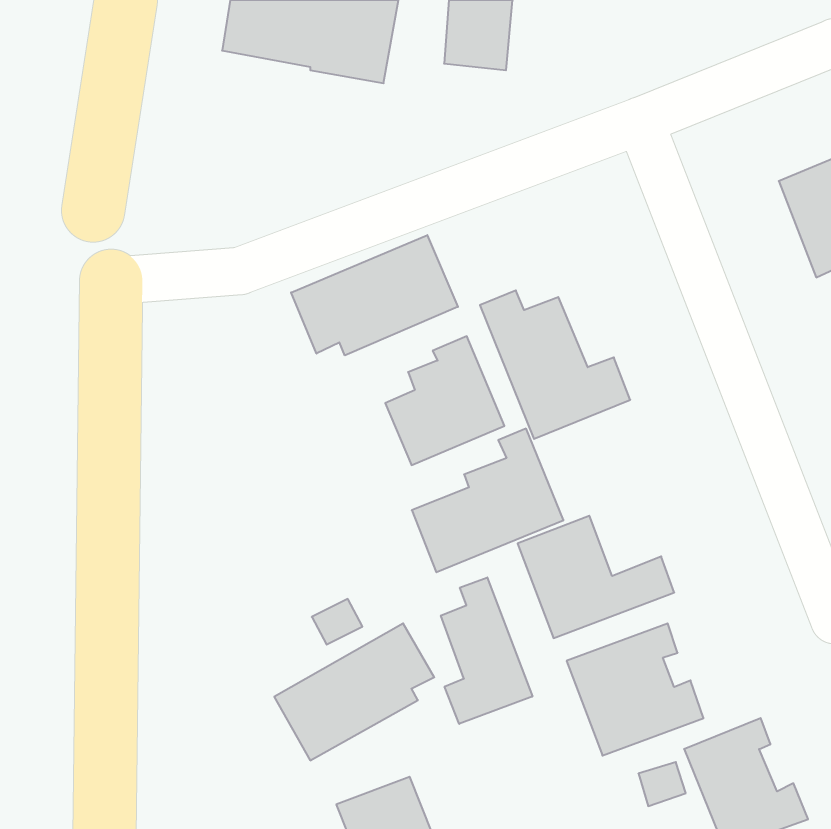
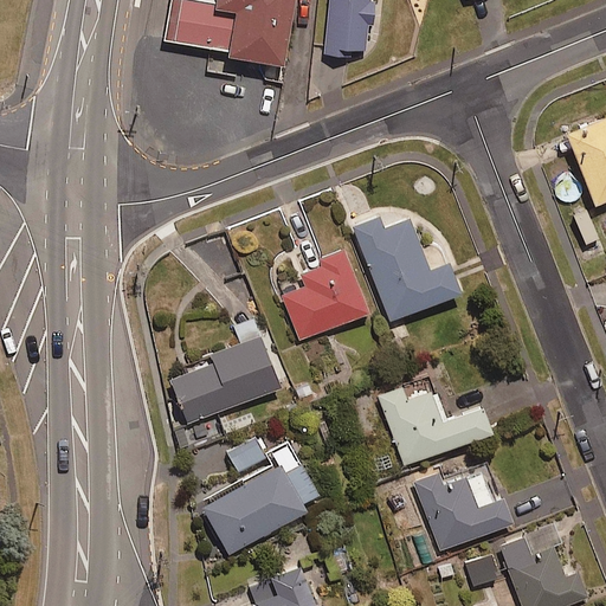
building: [291,235,458,355] -> none
building: [412,429,564,572] -> [170,321,281,425]
building: [441,577,532,724] -> none

